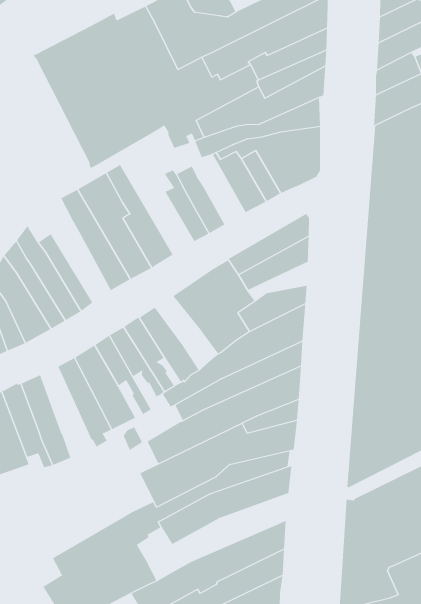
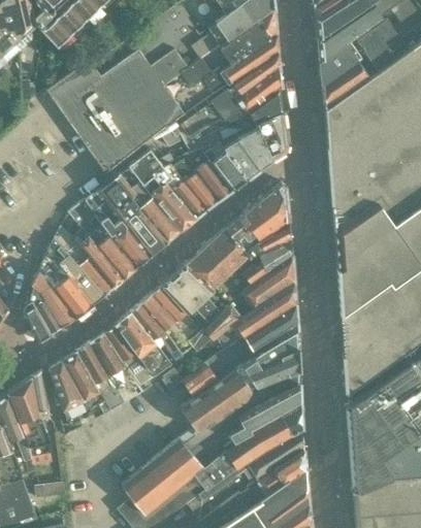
building: none -> [130,150,197,231]
building: none -> [185,147,234,201]
building: none -> [70,200,137,278]
building: none -> [246,221,292,258]
building: none -> [174,264,229,319]
building: none -> [92,333,144,403]
building: none -> [189,405,303,490]

